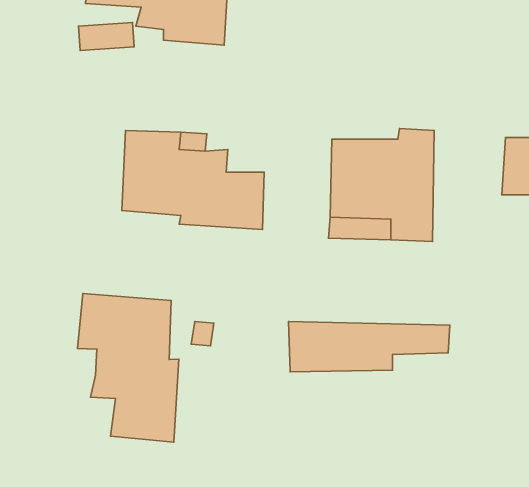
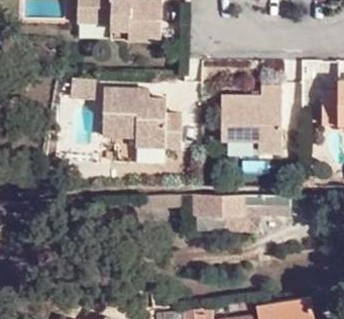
building: [78,294,179,442] -> none

